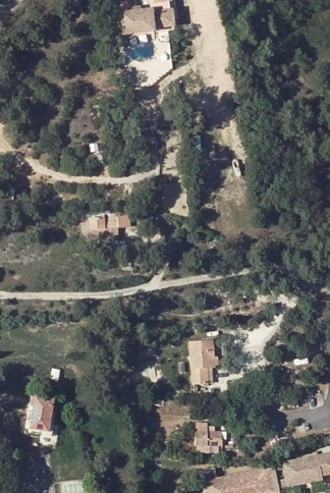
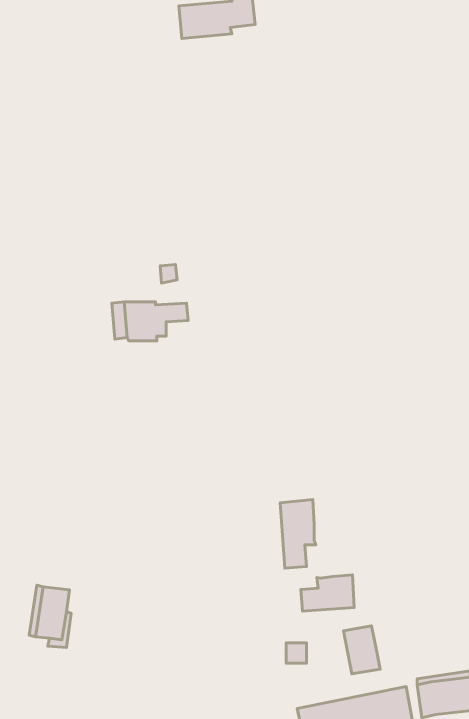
building: none -> [301,575,354,611]
building: none -> [343,626,380,674]

